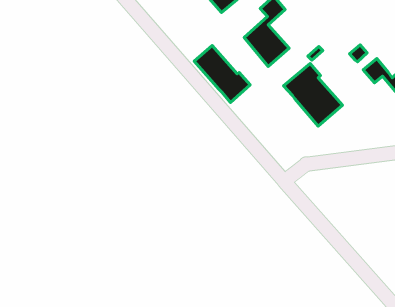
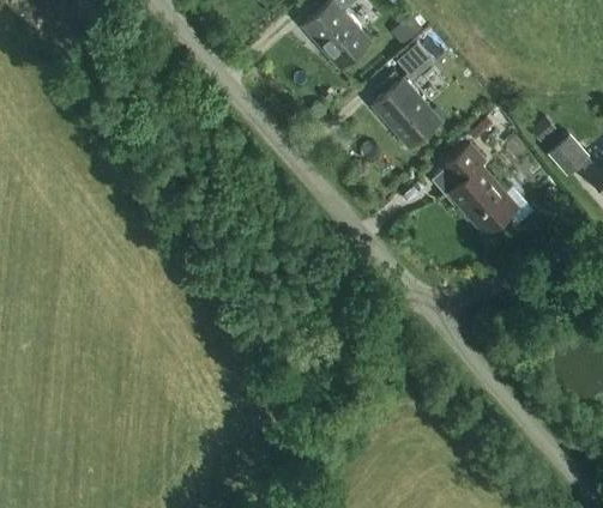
building: [194,45,250,102] -> none

